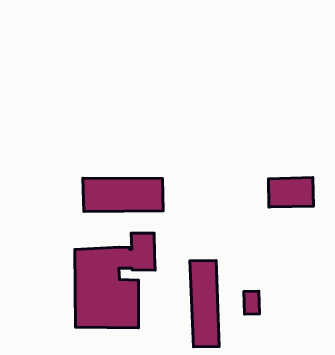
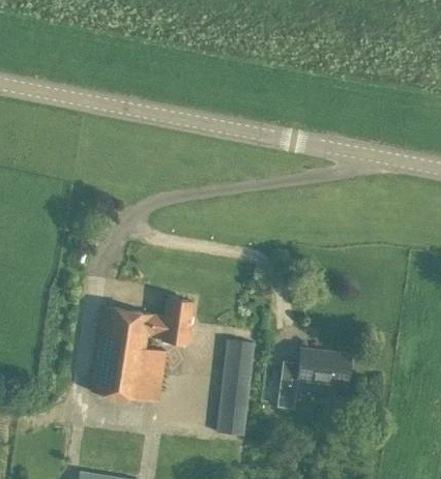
building: [268,178,313,207] -> [298,348,351,385]
building: [83,178,163,212] -> none

